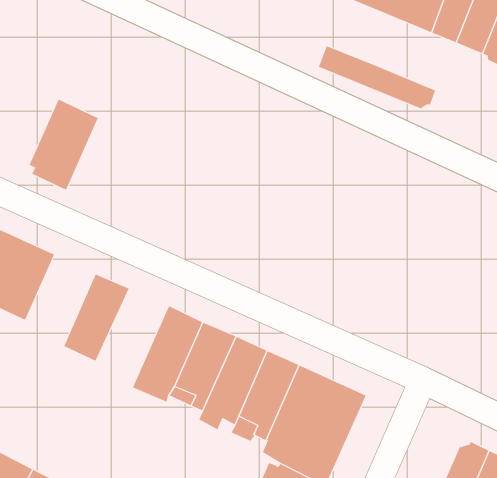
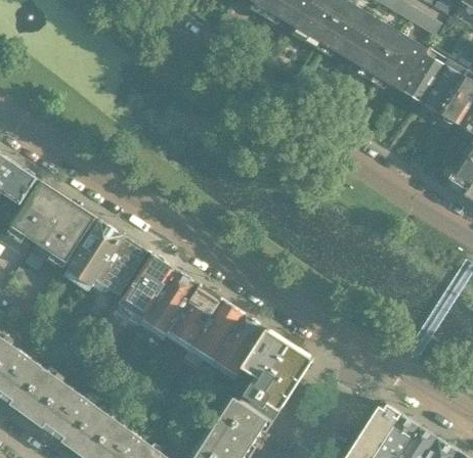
building: [318,46,436,109] -> none
building: [29,99,99,190] -> [64,217,123,286]
building: none -> [121,254,173,325]

